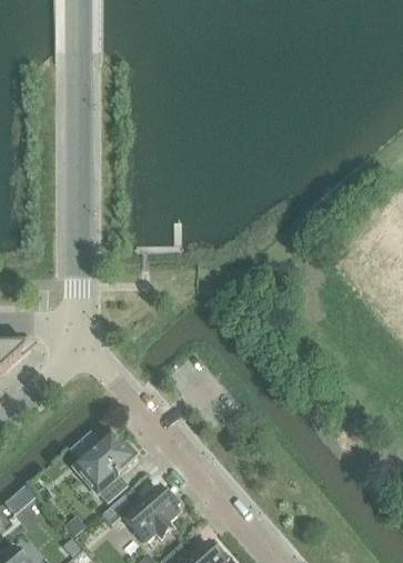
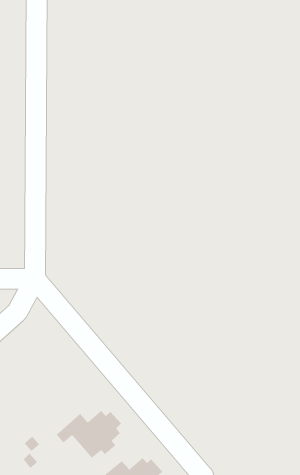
building: [73,433,135,502] -> none

